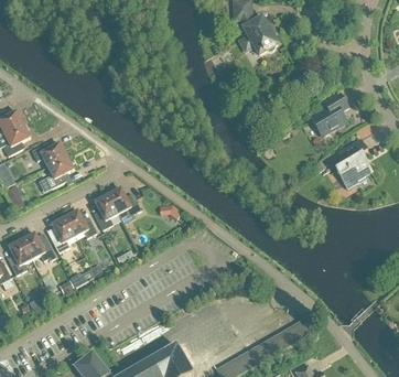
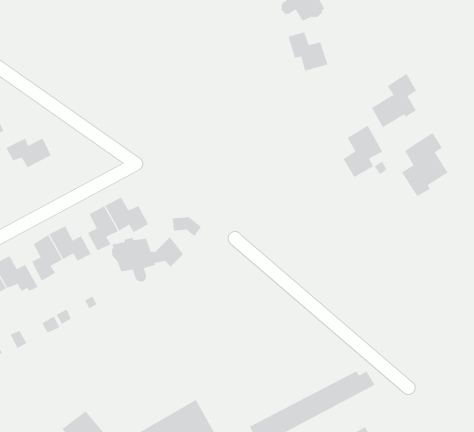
building: none -> [288,31,328,71]
building: none -> [343,125,383,178]
building: [45,155,73,187] -> none
building: none -> [111,236,184,282]

